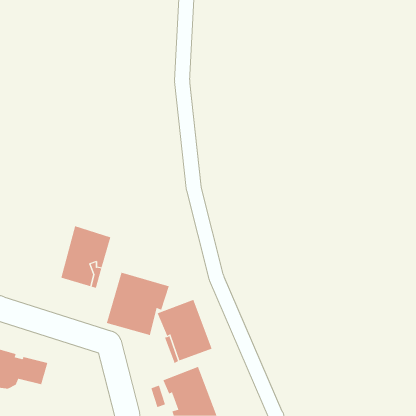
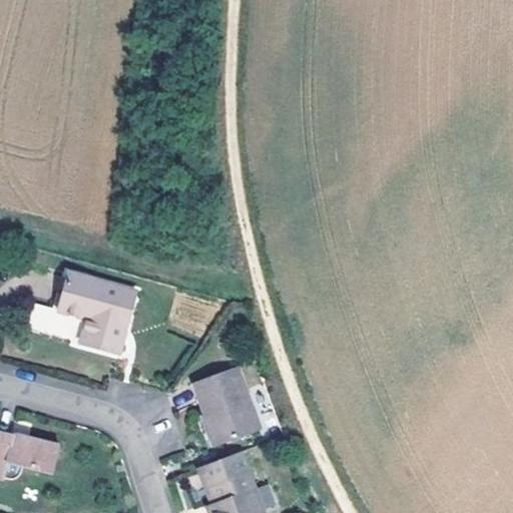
building: none -> [28,271,91,341]
building: [106,272,170,336] -> none

